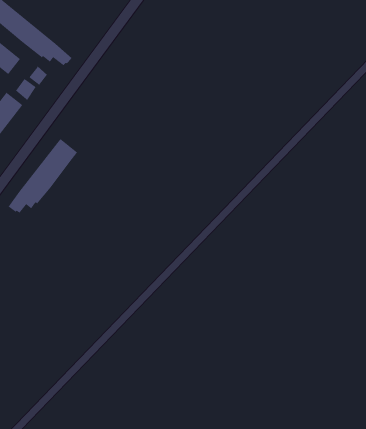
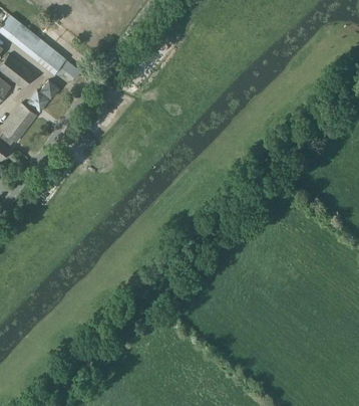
building: [8,138,78,213] -> none

